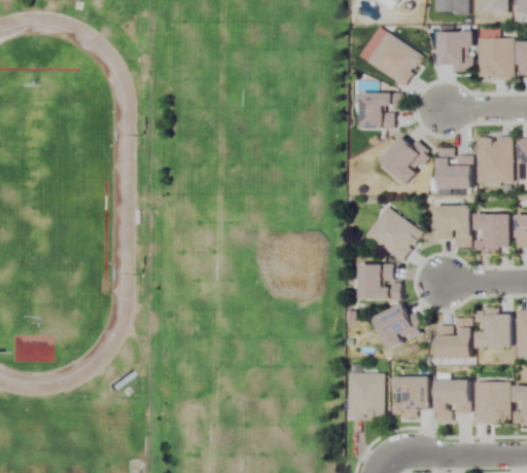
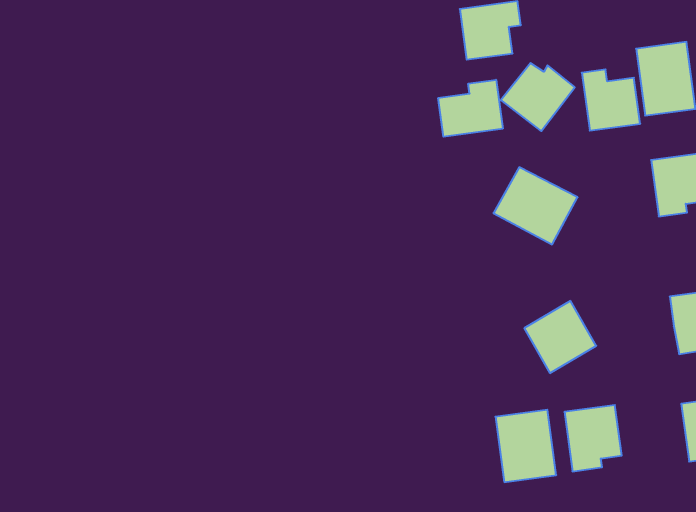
building: none -> [438,80,503,137]
building: [435,205,469,246] -> none
building: [359,264,399,299] -> none
building: [436,318,470,358] -> none
building: [434,379,469,422] -> none

